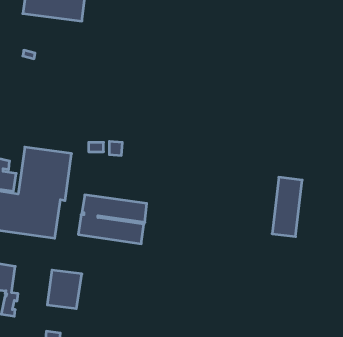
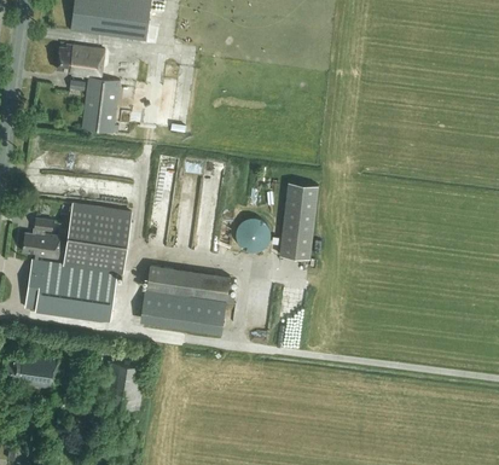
building: none -> [57,45,120,133]
building: none -> [236,217,271,251]
building: [272,177,302,237] -> [279,182,318,258]

